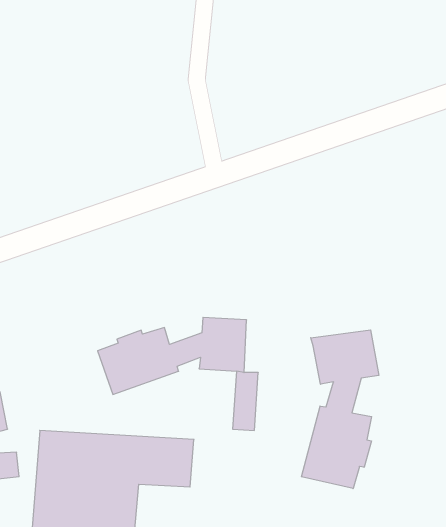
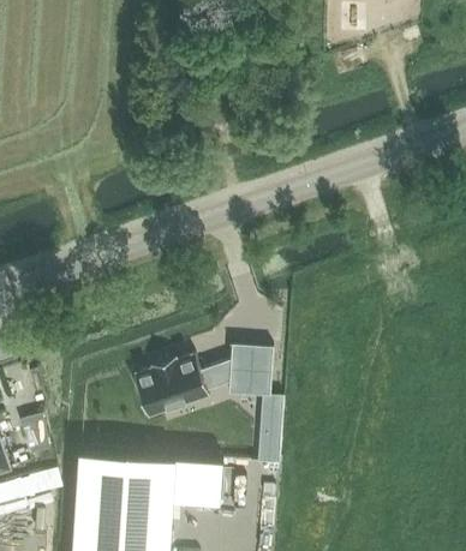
building: [301,330,379,489] -> none

